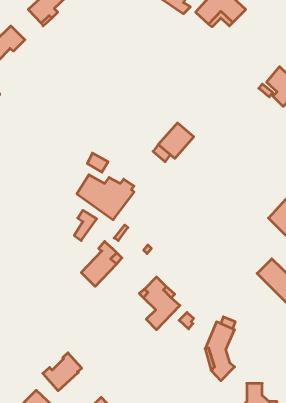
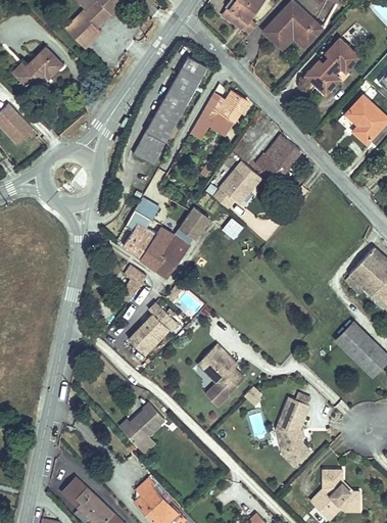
building: none -> [304,39,359,94]
building: none -> [134,55,205,165]
building: none -> [191,90,247,138]
building: none -> [254,135,299,179]
building: none -> [178,206,207,240]
building: [43,353,82,391] -> [118,402,164,447]

